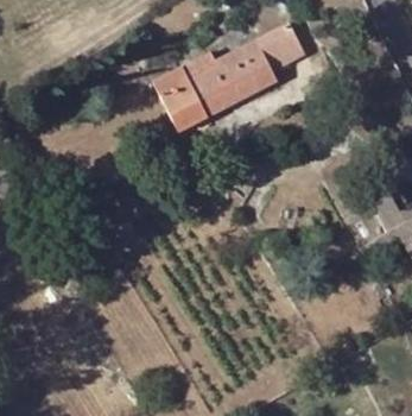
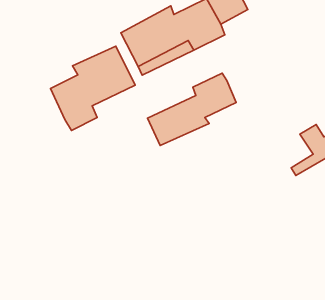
building: none -> [50,46,135,130]
building: none -> [148,73,236,146]

